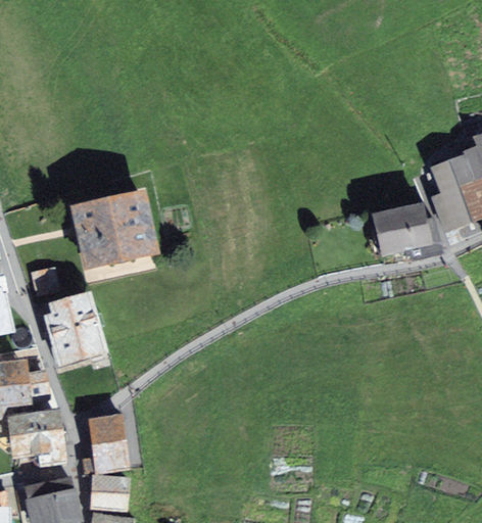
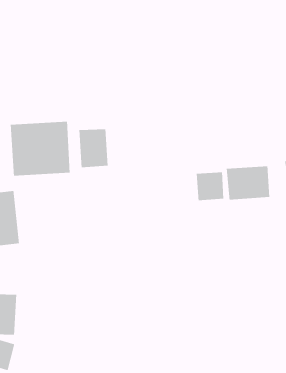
building: none -> [79,129,109,168]
building: none -> [196,171,224,201]

